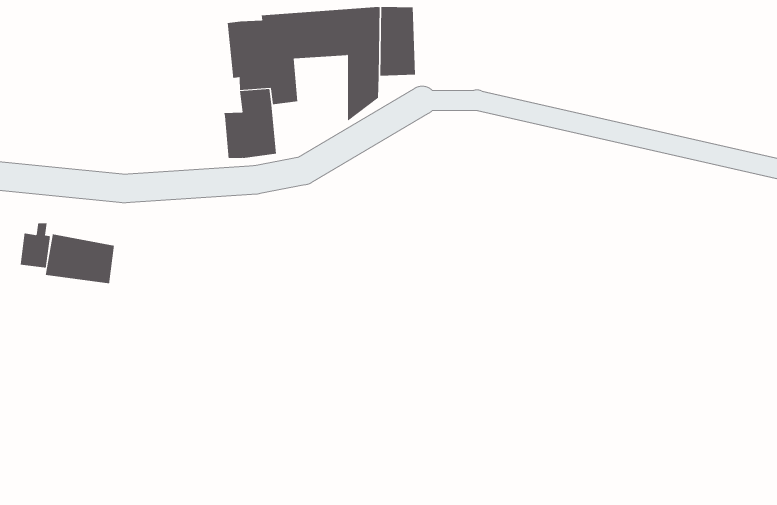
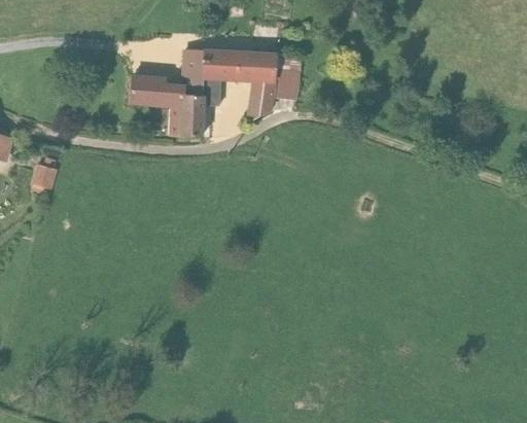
building: none -> [128,76,184,108]
building: [45,234,114,284] -> none

